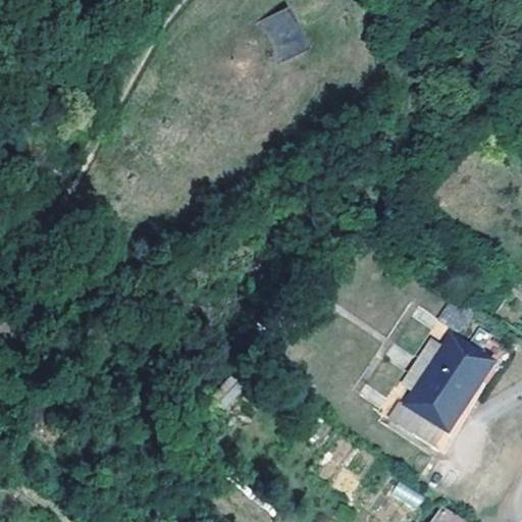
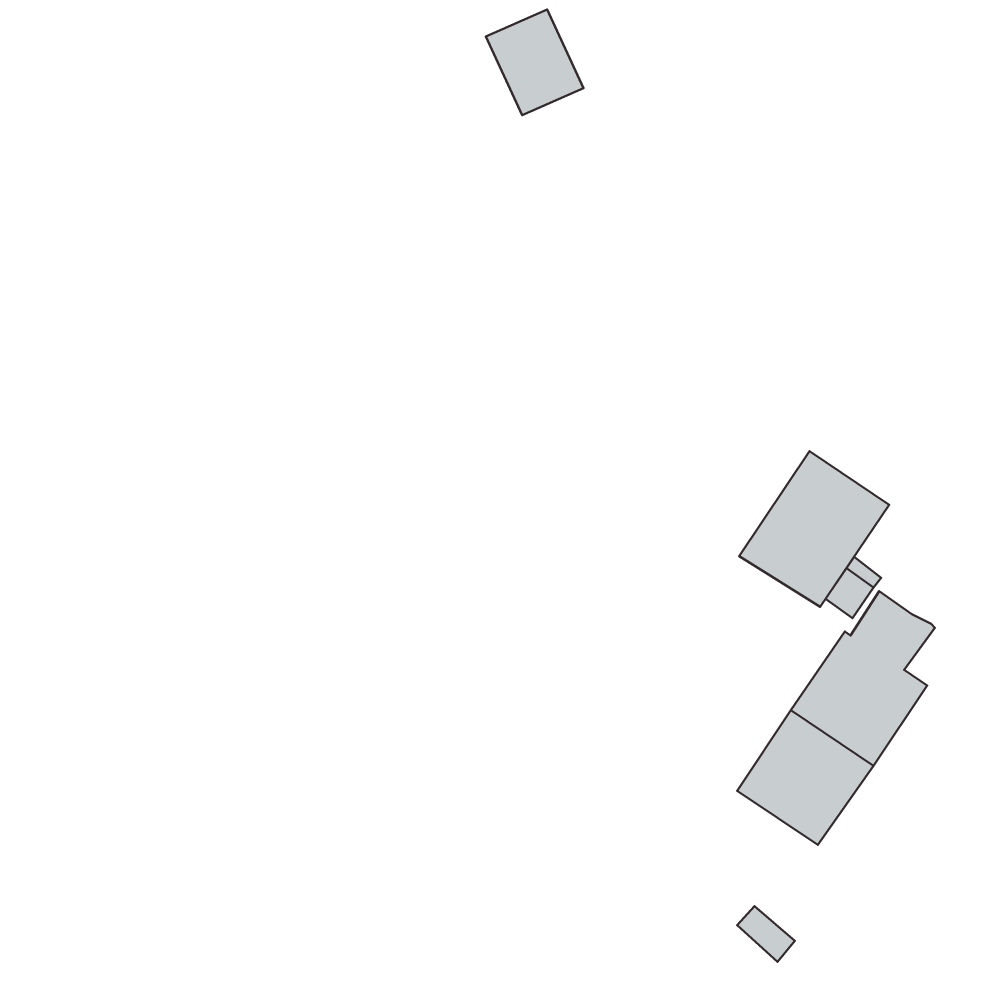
building: none -> [739,451,889,607]

